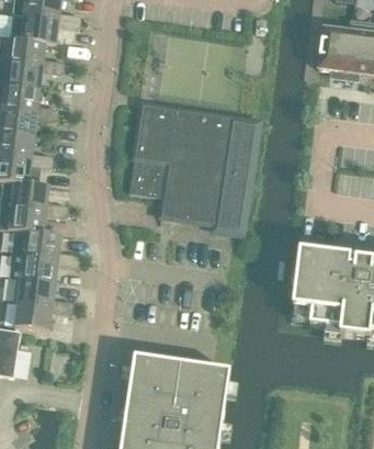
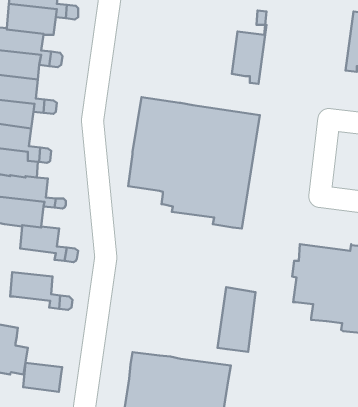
building: [317,19,351,77] -> [232,25,266,84]
building: [8,250,58,280] -> none
building: none -> [217,287,255,352]
building: [14,300,53,328] -> [23,363,62,392]

